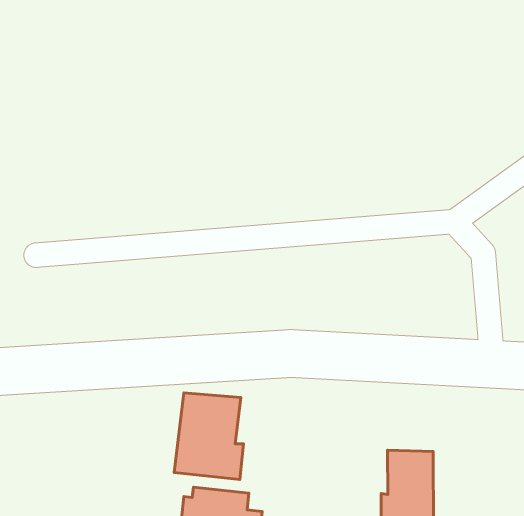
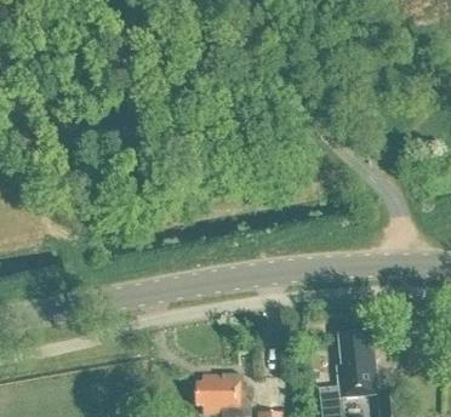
building: [174,393,244,479] -> none

